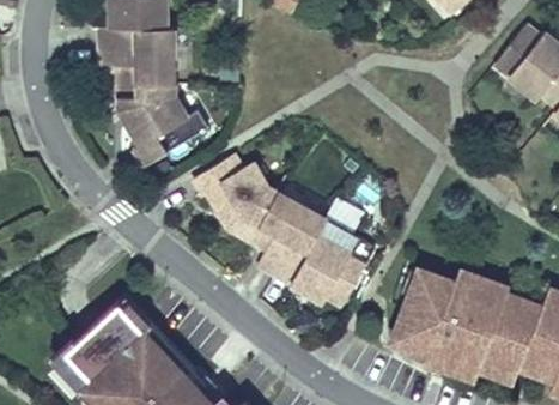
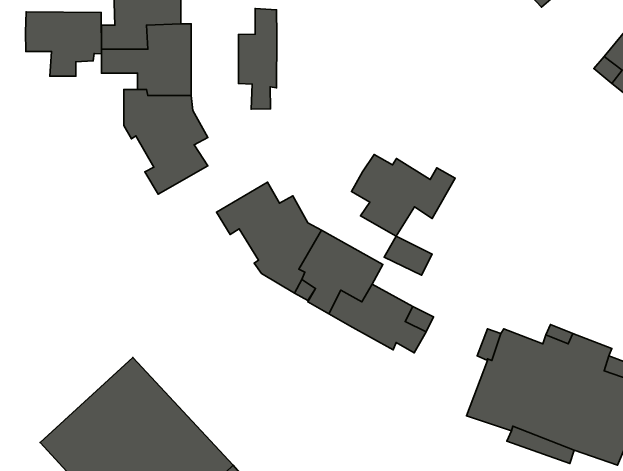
building: none -> [239,9,277,109]
building: none -> [26,12,101,76]
building: none -> [351,154,455,236]

